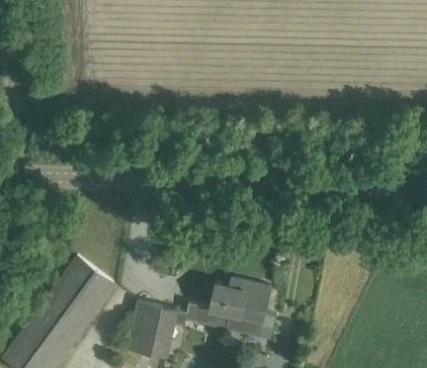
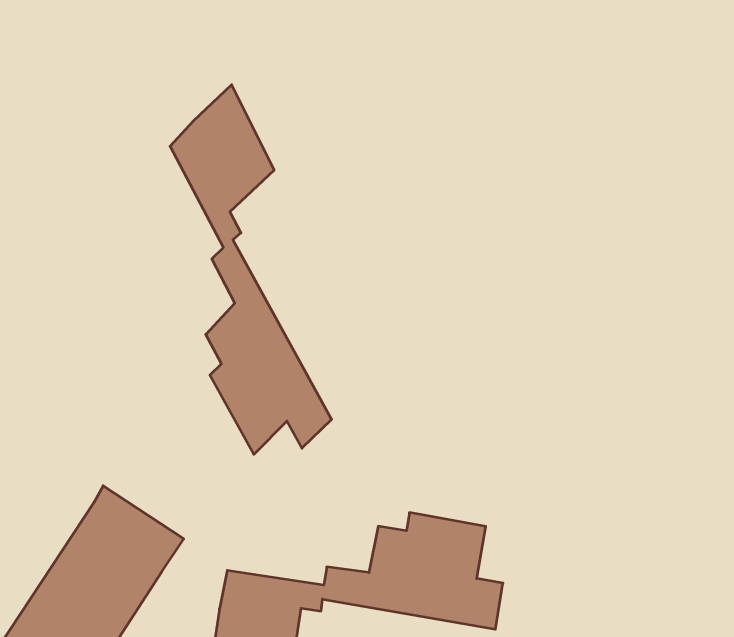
building: none -> [170,85,332,454]

